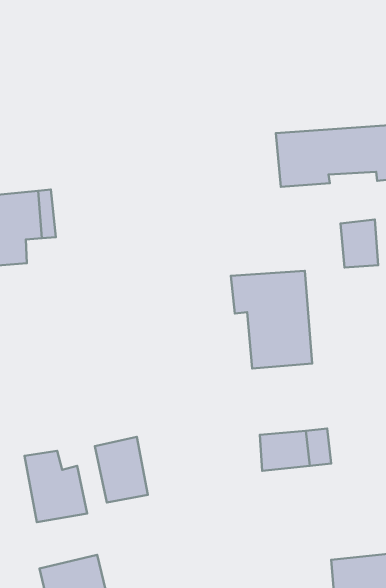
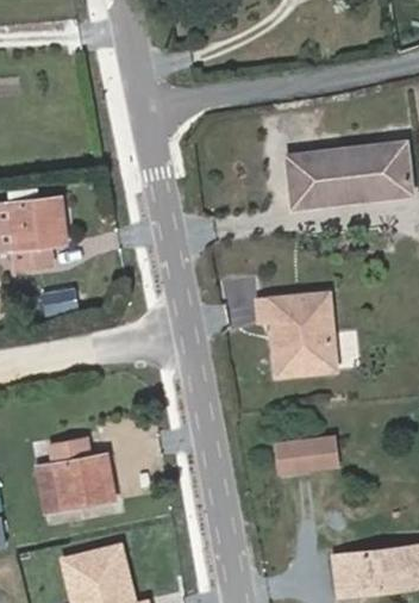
building: [340,220,378,267] -> none
building: [95,437,148,503] -> none

